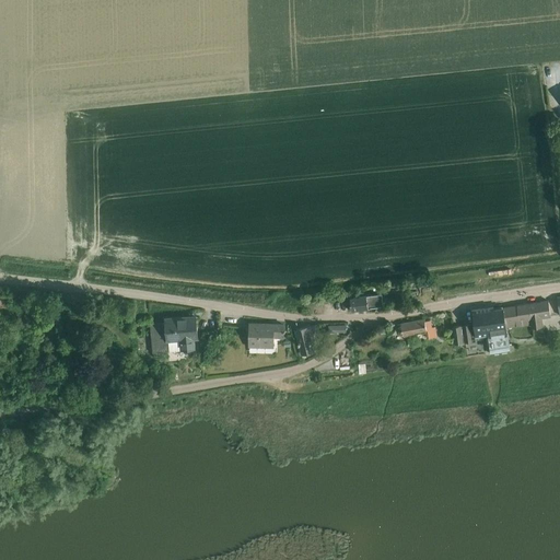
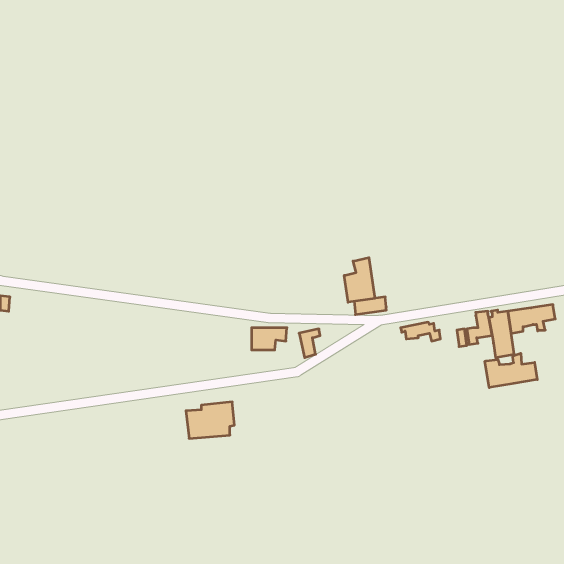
building: none -> [344,258,375,302]
building: [150,316,198,352] -> [186,402,234,438]
building: none -> [485,353,537,388]

